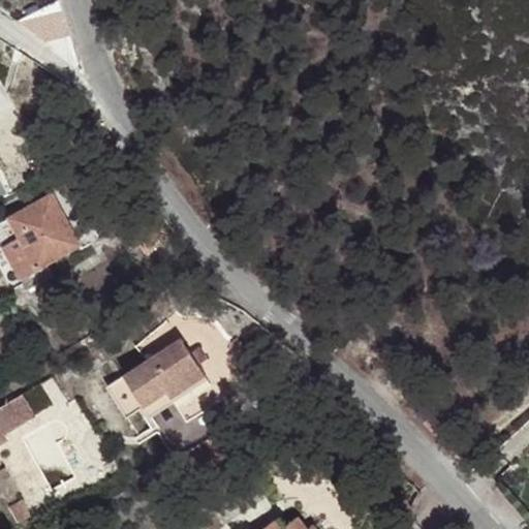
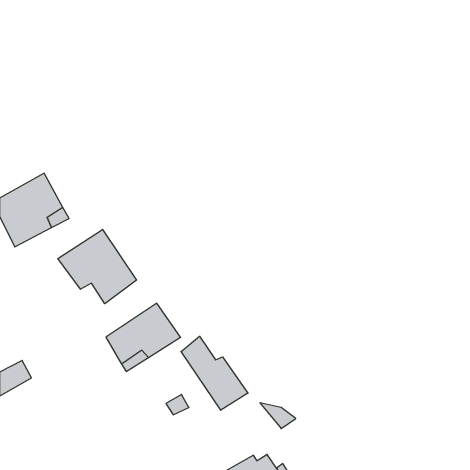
building: none -> [58,229,137,304]
building: none -> [181,336,248,410]

